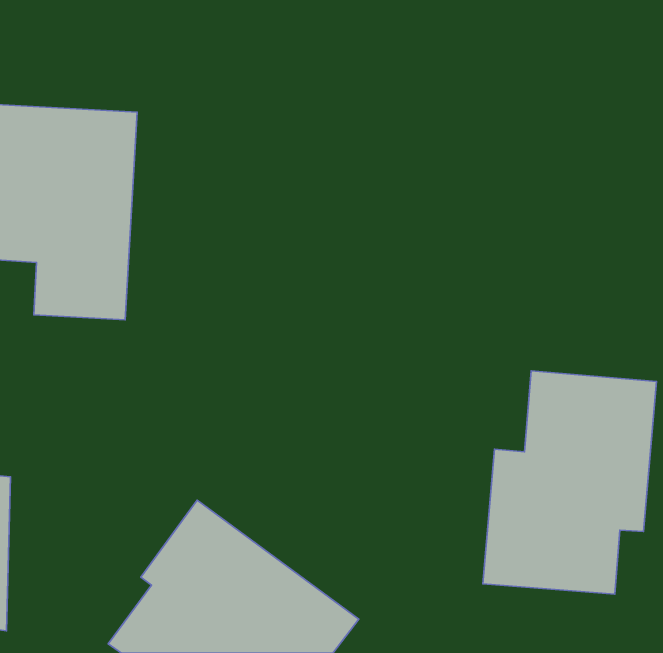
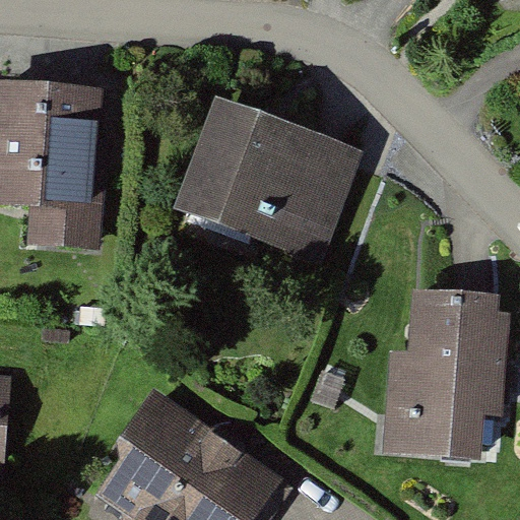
building: none -> [178,100,358,255]

